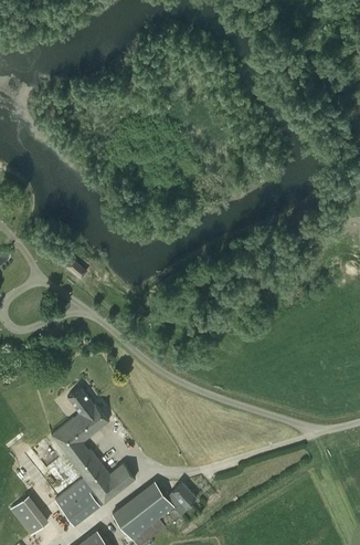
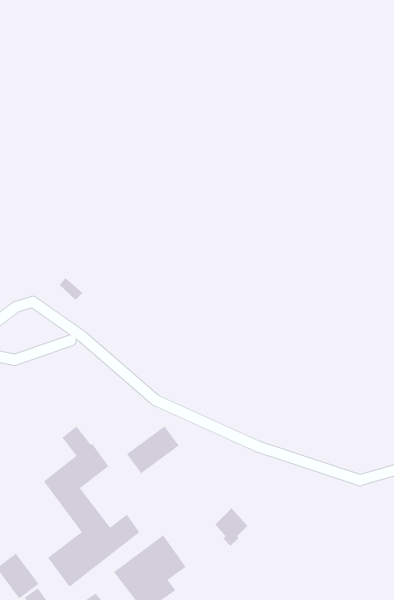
building: none -> [126,426,179,474]
building: [167,481,195,514] -> [215,508,248,546]

